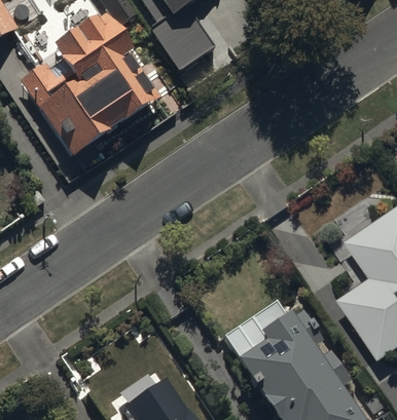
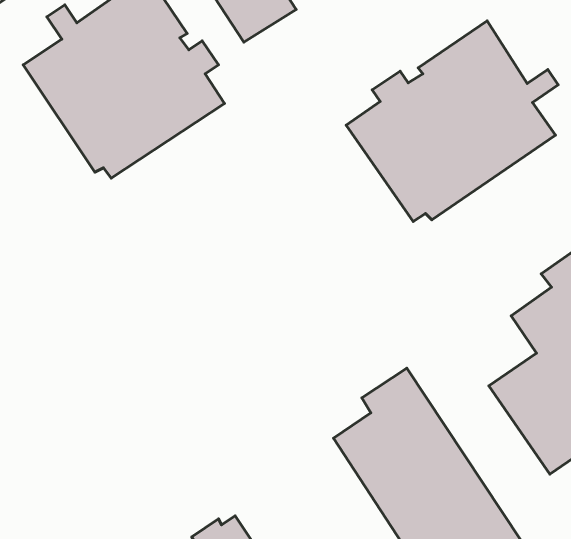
building: none -> [346,21,558,222]

